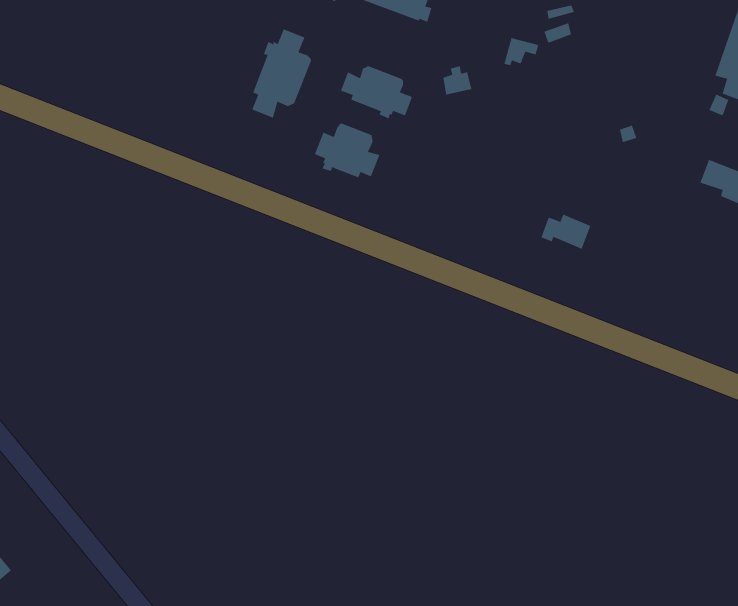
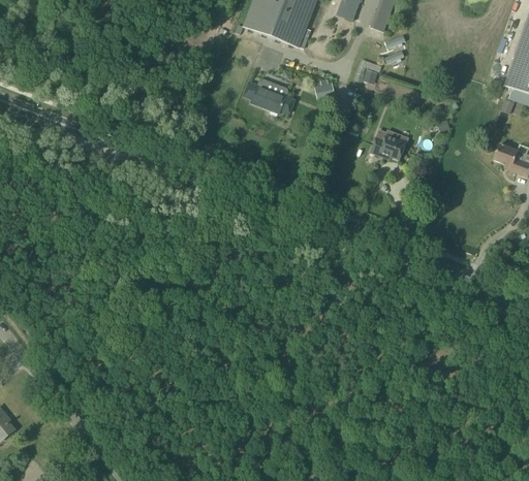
building: [251,28,311,118] -> none
building: [314,123,380,178] -> none
building: [541,214,591,249] -> [370,134,405,159]

